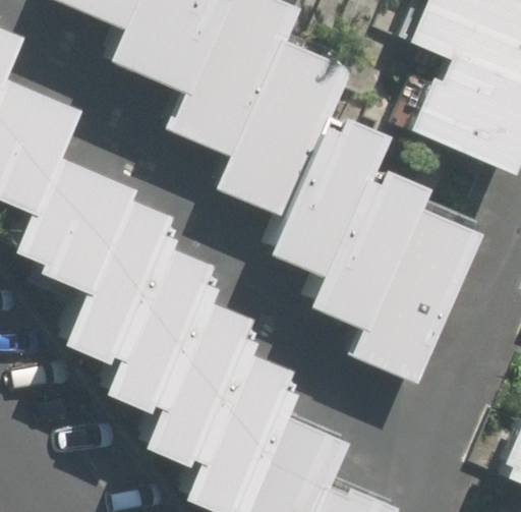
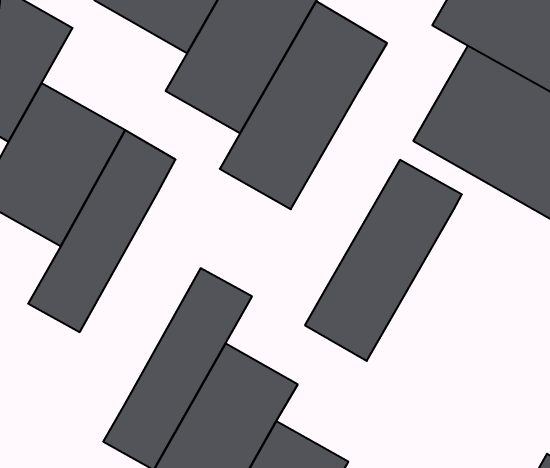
building: [262,117,378,286] -> none
building: [349,207,485,391] -> none
building: [103,222,225,401] -> none

